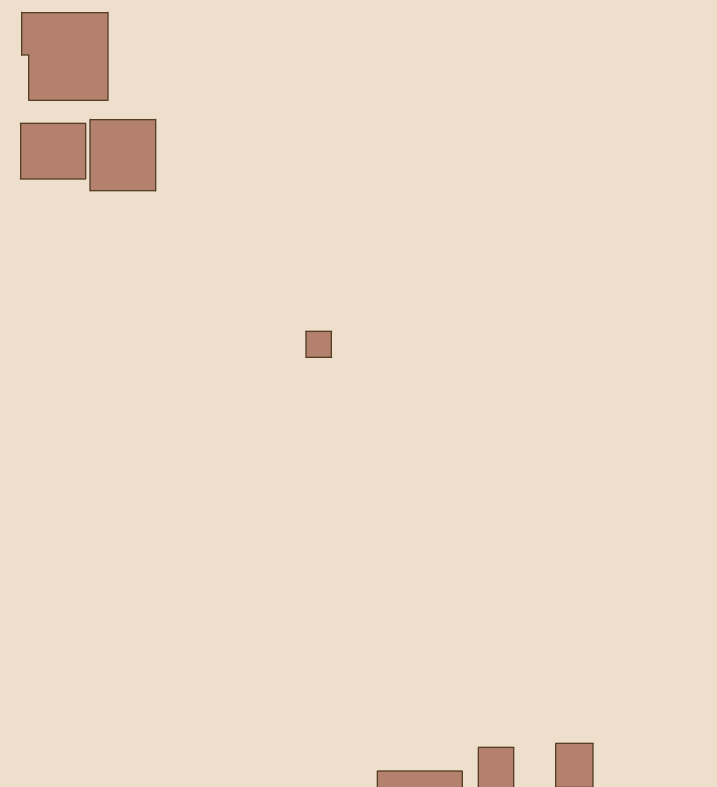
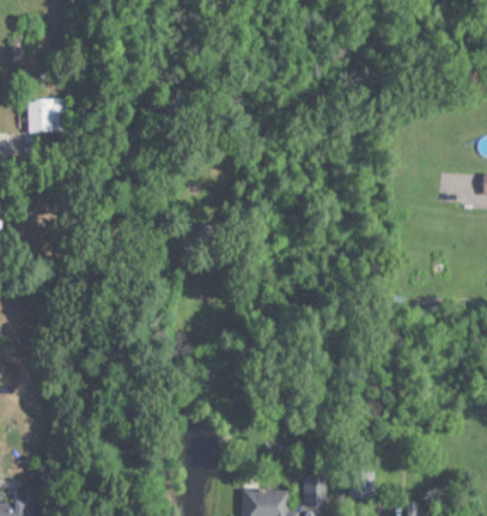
building: [22,12,108,100] -> none
building: [90,119,156,191] -> none

